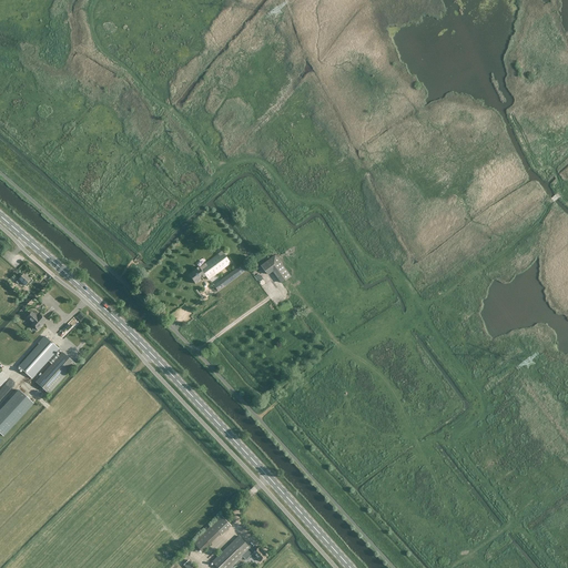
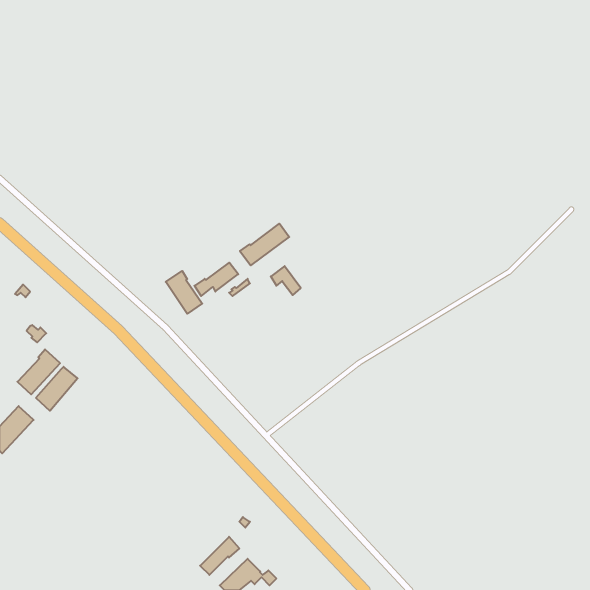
building: none -> [240,224,289,265]
building: none -> [166,271,202,314]

